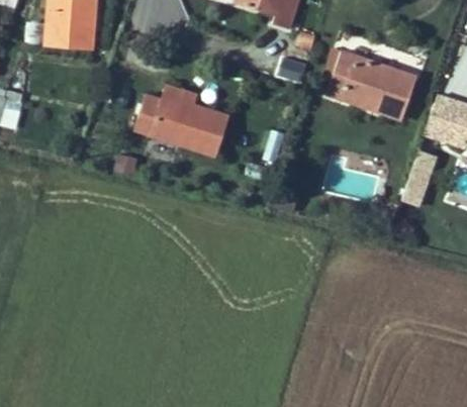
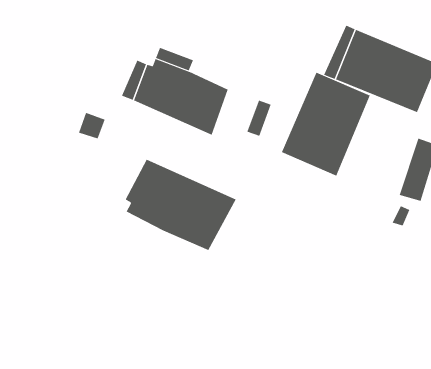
building: none -> [281,72,370,176]
building: none -> [125,159,237,251]

